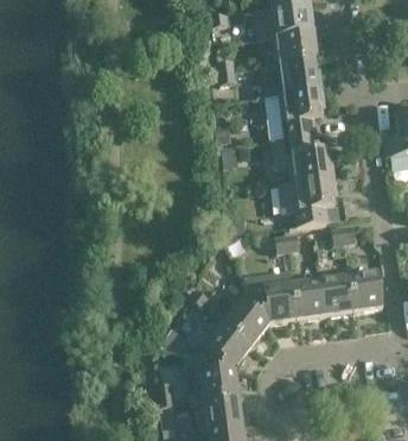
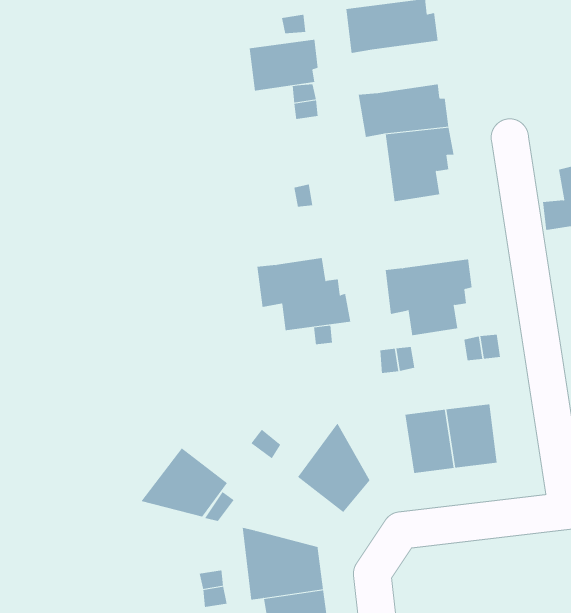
building: [272,30,318,64] -> [249,39,319,91]
building: [273,132,336,181] -> [256,257,351,331]
building: [350,267,383,310] -> none
building: [244,270,299,322] -> none
building: [195,320,253,366] -> [140,448,228,517]

